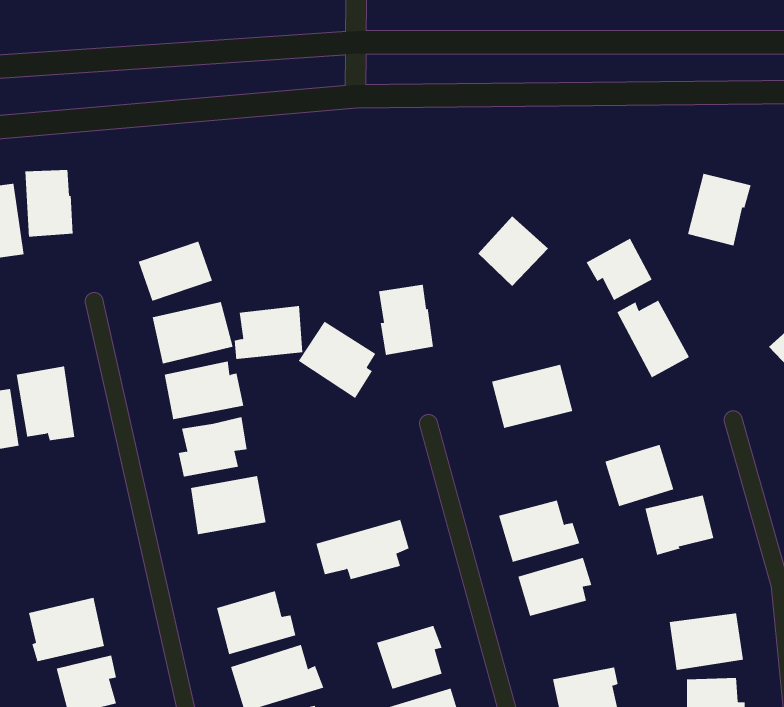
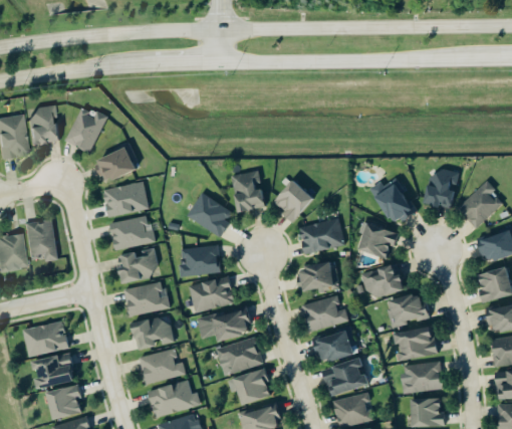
building: [687,173,752,246] -> [424,167,461,209]
building: none -> [65,109,108,153]
building: [477,215,549,287] -> [272,179,313,220]
building: [586,238,653,301] -> none
building: [234,306,303,360] -> [180,244,220,275]
building: none -> [357,222,398,258]
building: none -> [300,263,336,289]
building: none -> [189,275,235,312]
building: none -> [131,316,174,350]
building: none -> [22,319,69,357]
building: none -> [393,327,437,359]
building: none -> [216,337,264,376]
building: none -> [324,358,368,396]

